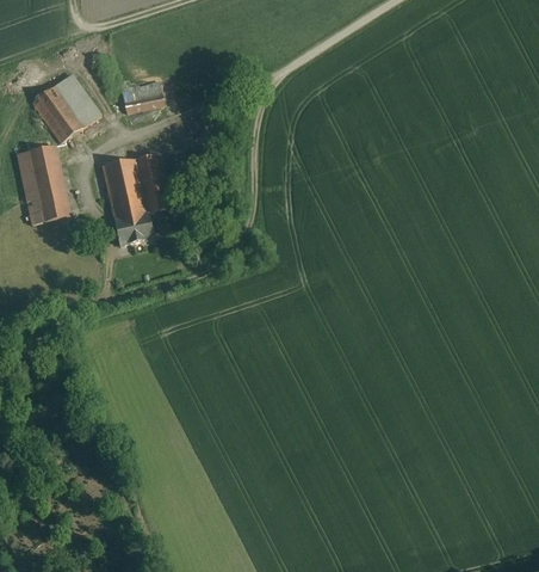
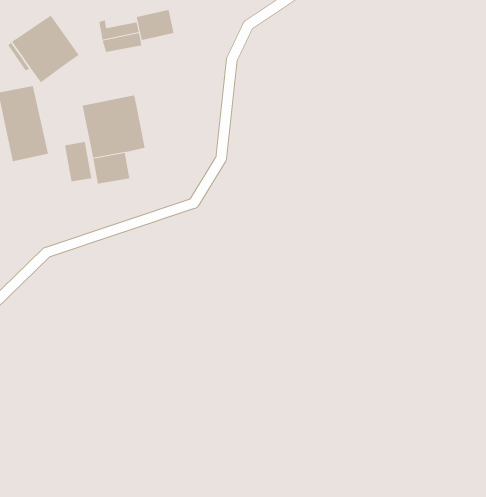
building: none -> [136,9,174,41]
building: none -> [65,141,92,182]

